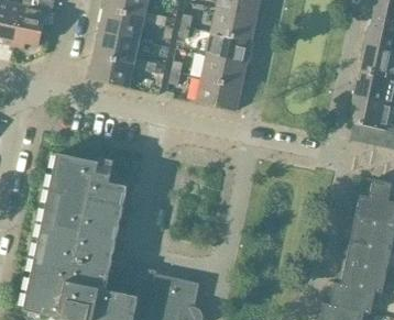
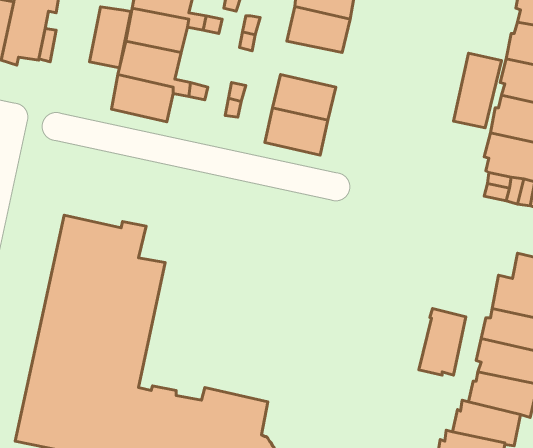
building: none -> [90,7,131,68]
building: [208,32,251,64] -> none
building: none -> [454,53,501,128]
building: none -> [419,308,466,375]

